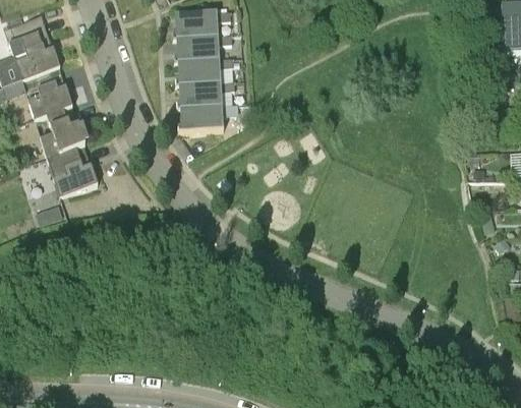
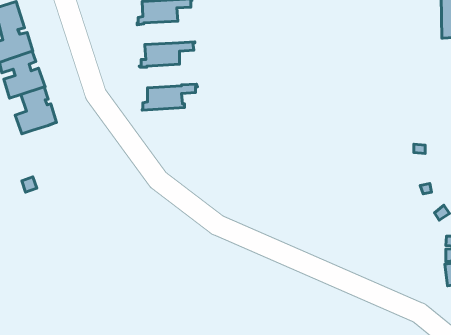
building: [173,34,232,62] -> none
building: [176,80,235,108] -> none
building: [47,144,98,195] -> none

